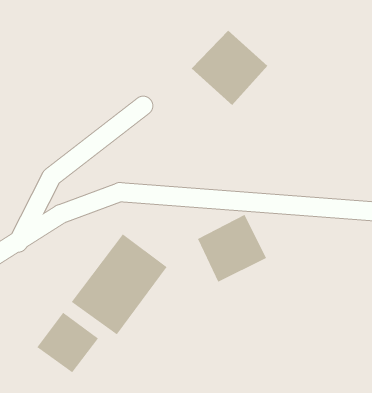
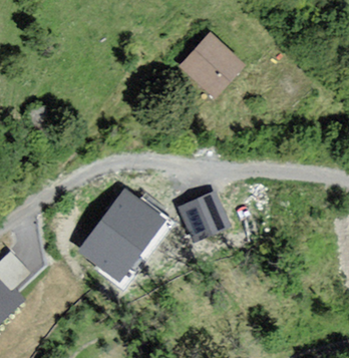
building: [36,312,99,373] -> none

